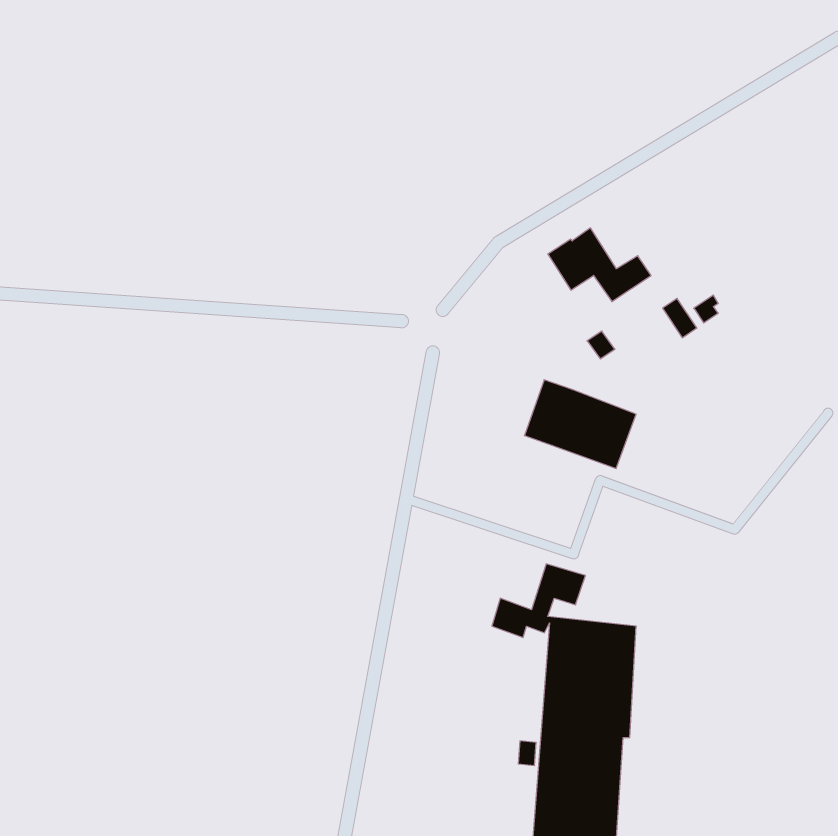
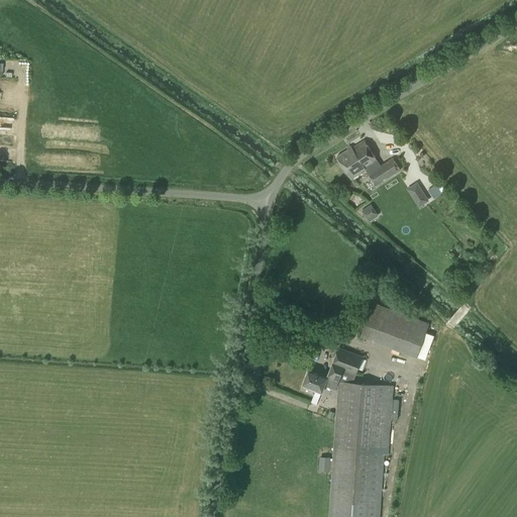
building: [524,380,636,468] -> [360,303,429,357]

